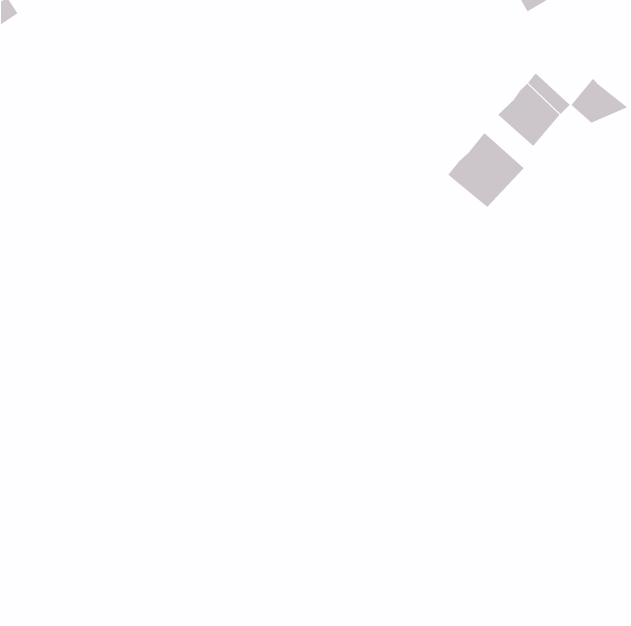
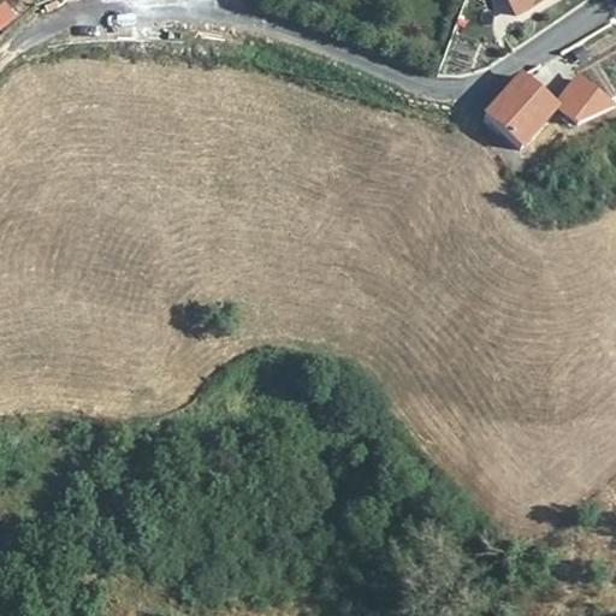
building: [447,132,524,208] -> none

